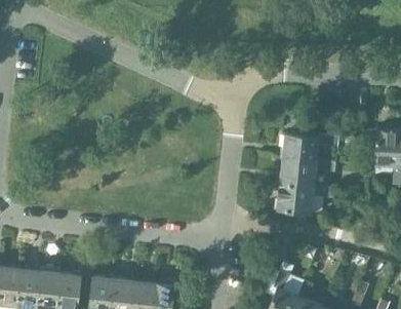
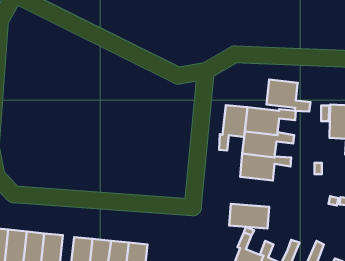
building: none -> [266,80,310,112]
building: none -> [219,105,247,151]
building: none -> [229,204,269,229]

